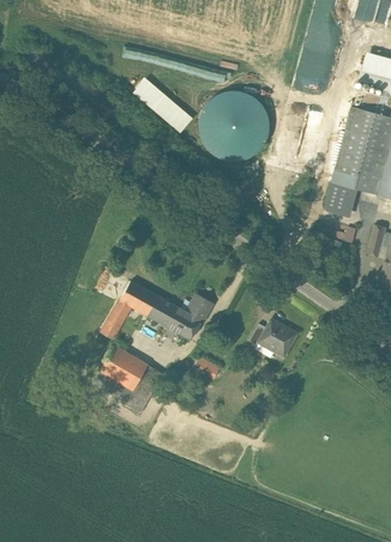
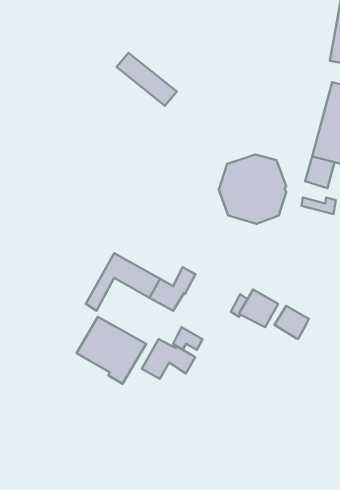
building: [199,90,267,161] -> [219,154,286,224]
building: none -> [275,306,309,339]
building: none -> [142,339,195,379]

